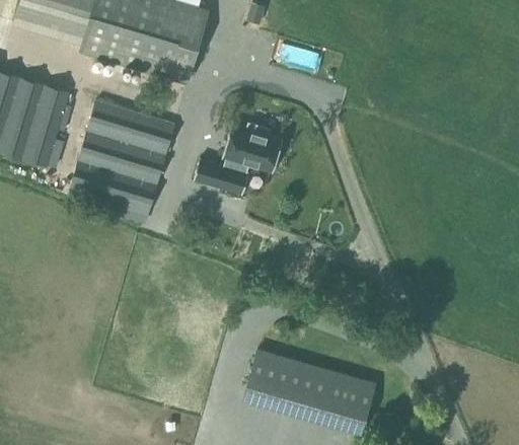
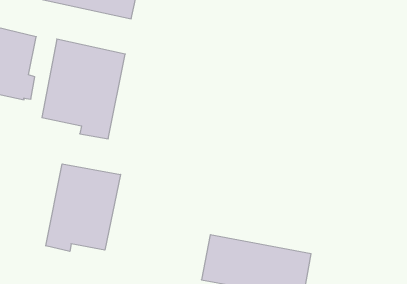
building: [195,123,284,194] -> none
building: none -> [46,164,121,251]

